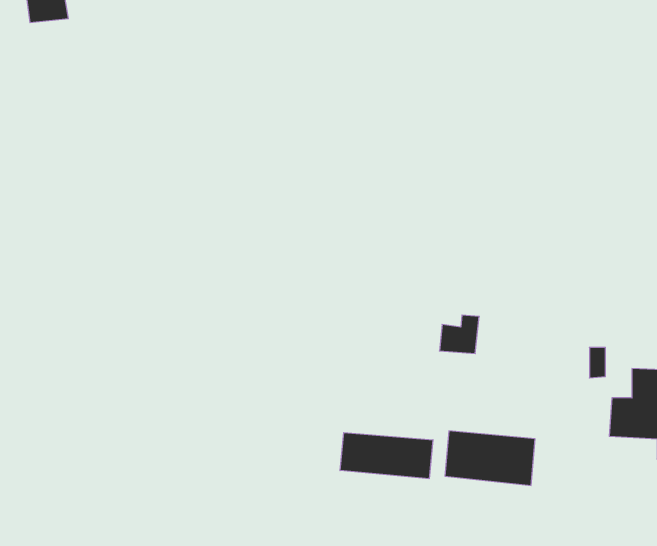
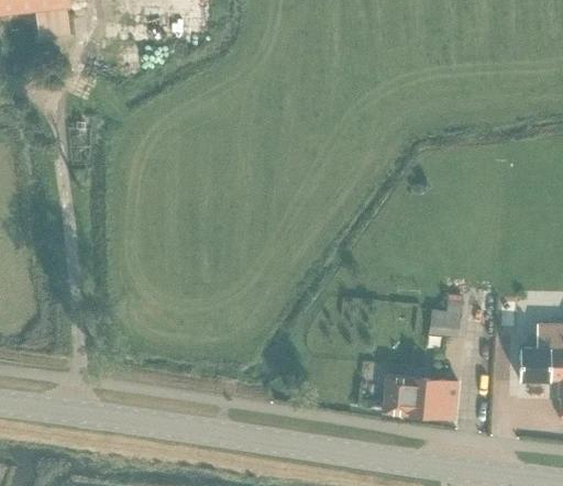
building: [439,315,479,354] -> [429,300,462,332]
building: [340,433,433,479] -> none

